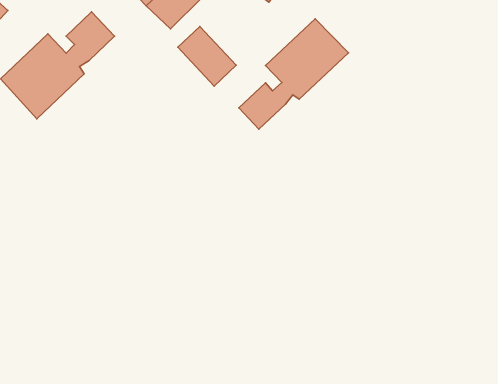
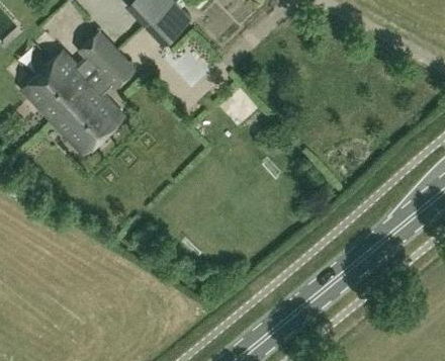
building: [239,19,348,129] -> none
building: none -> [54,53,135,154]

